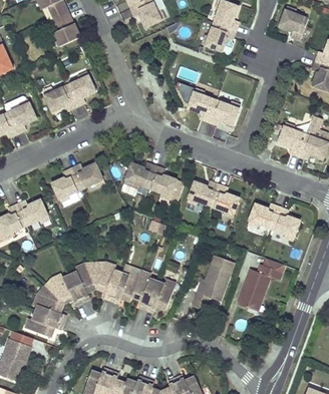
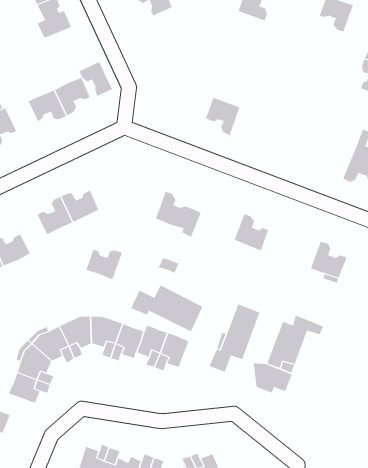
building: [206,21,236,49] -> none
building: none -> [79,61,113,97]
building: [208,98,239,124] -> none
building: [278,125,307,155] -> none
building: [125,162,155,187] -> [85,249,123,280]
building: [189,180,219,205] -> none
building: [250,203,280,228] -> none
building: none -> [131,285,203,332]
building: none -> [253,363,292,393]

